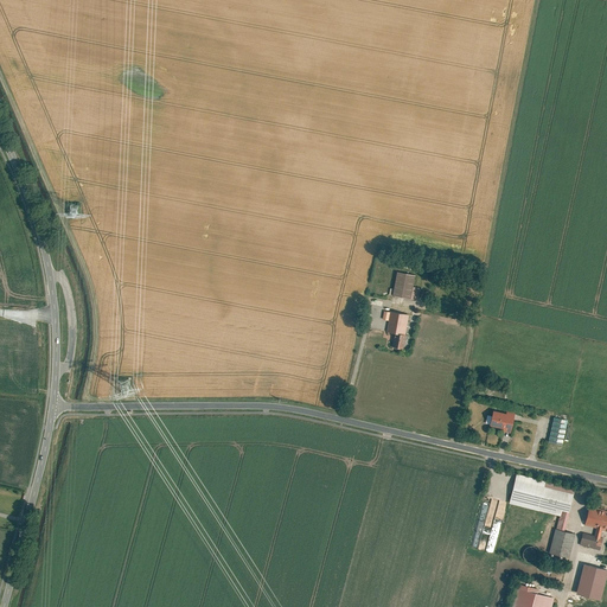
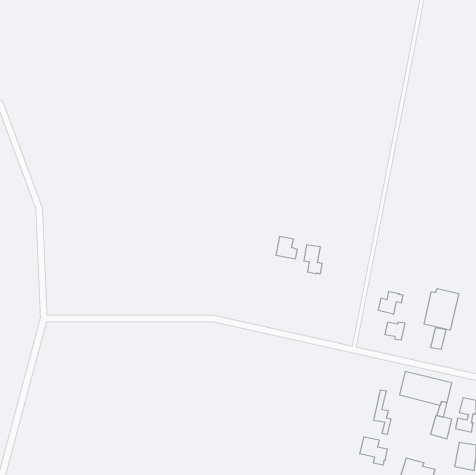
building: [392,273,420,301] -> [276,236,297,259]
building: none -> [424,288,459,330]
building: none -> [378,291,403,314]
building: none -> [360,437,387,465]

